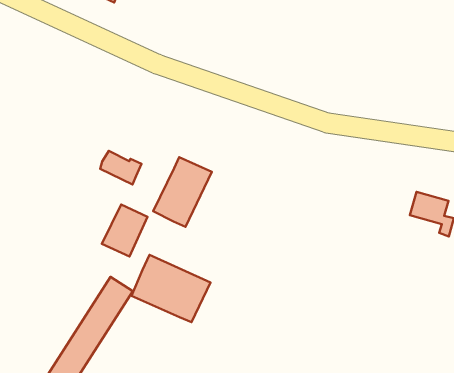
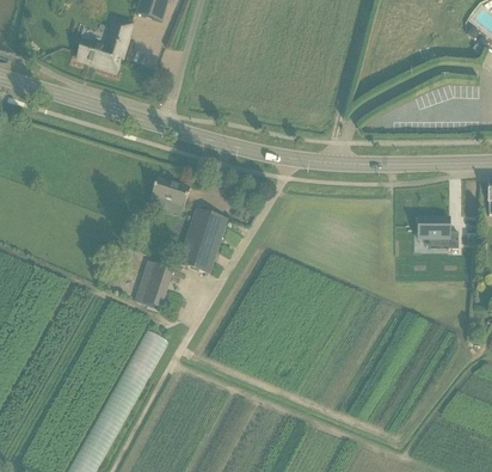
building: [100,151,141,184] -> [152,177,190,206]
building: [131,255,211,322] -> none

